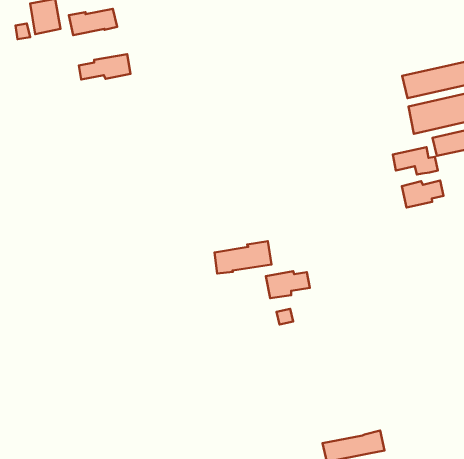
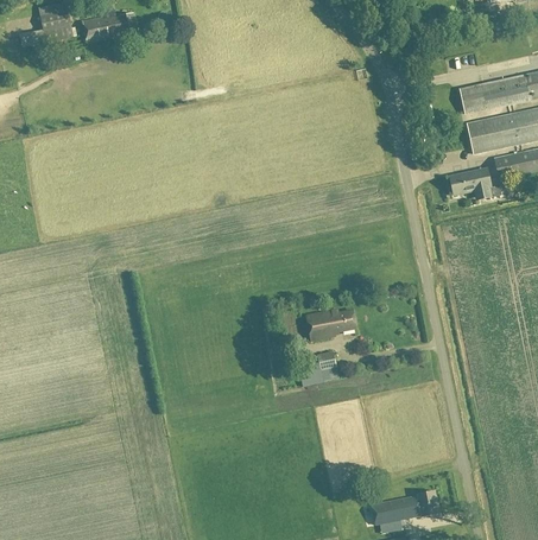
building: [79,54,131,79] -> none
building: [402,181,443,207] -> none
building: [215,241,271,274] -> none

